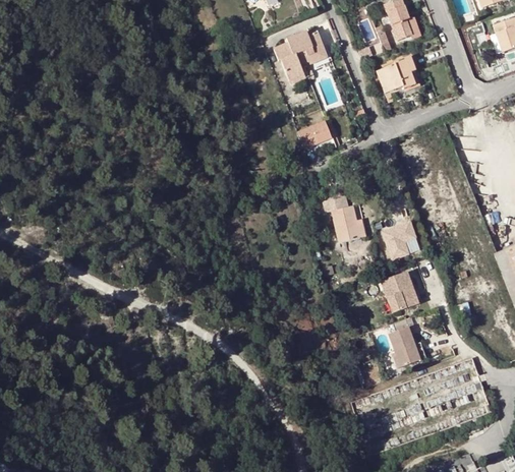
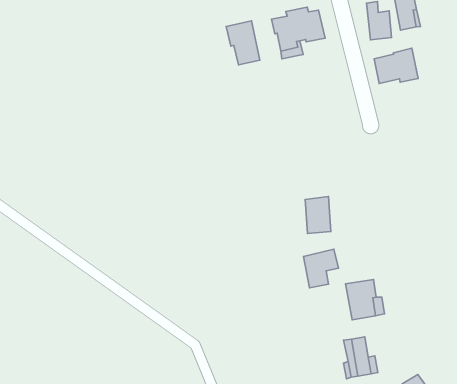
building: none -> [226,21,260,65]
building: [296,119,330,145] -> none
building: [384,222,418,261] -> [303,249,339,288]

